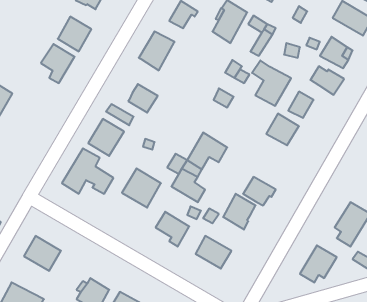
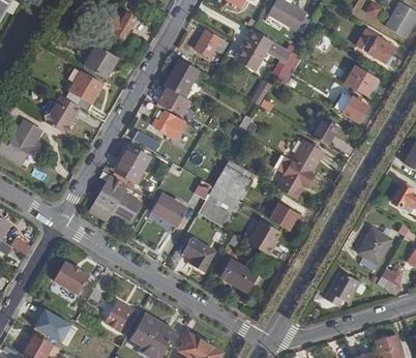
building: none -> [157,86,186,112]
building: [252,60,291,106] -> [273,153,311,198]
building: none -> [38,92,76,130]

